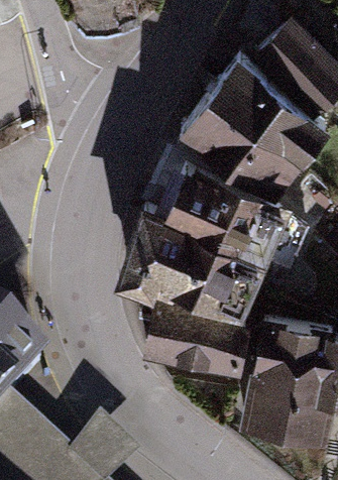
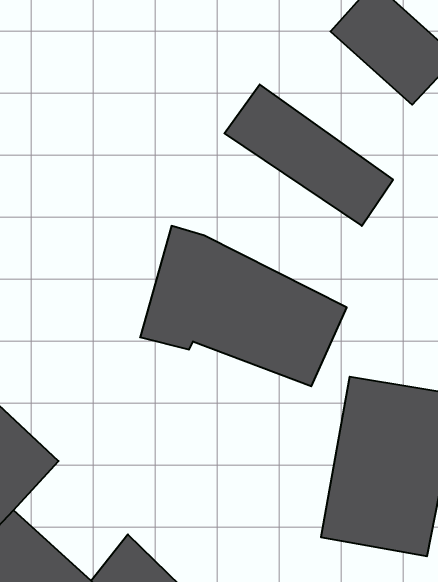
building: [203,59,329,168] -> none
building: [161,161,310,275] -> none
building: [142,301,248,375] -> none

